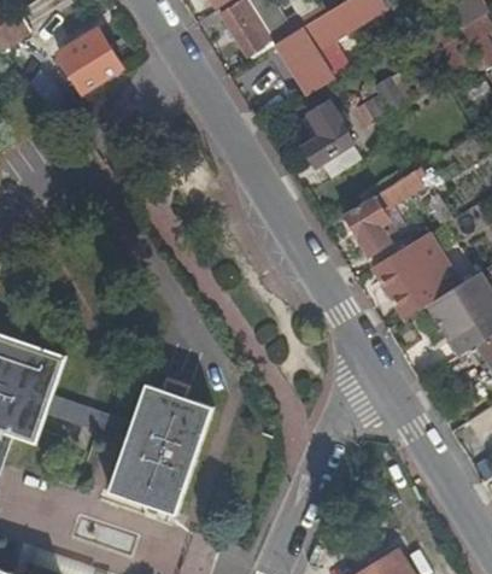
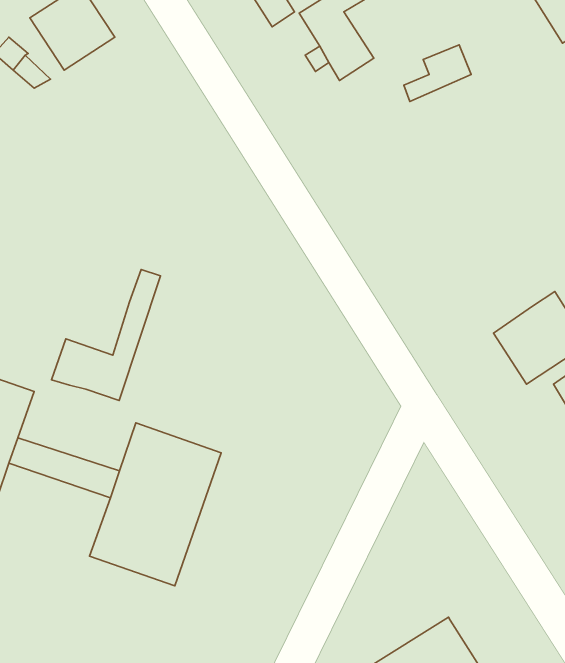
building: [304,102,358,171] -> none
building: [345,171,423,259] -> none
building: [376,234,461,315] -> none
building: none -> [52,270,161,401]

